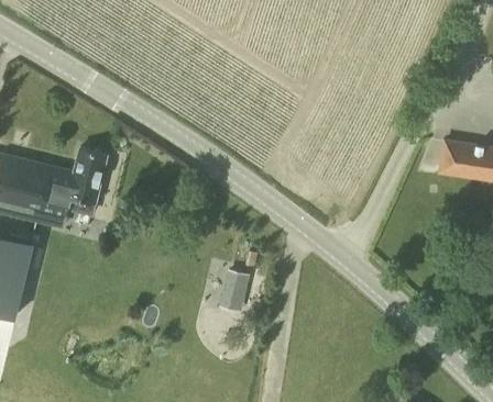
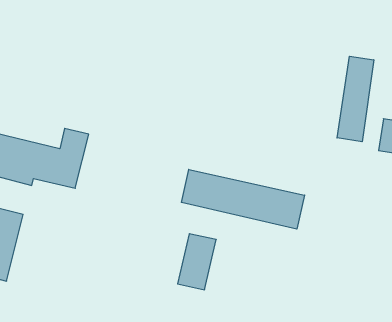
building: none -> [337,56,374,142]
building: none -> [181,169,305,229]

